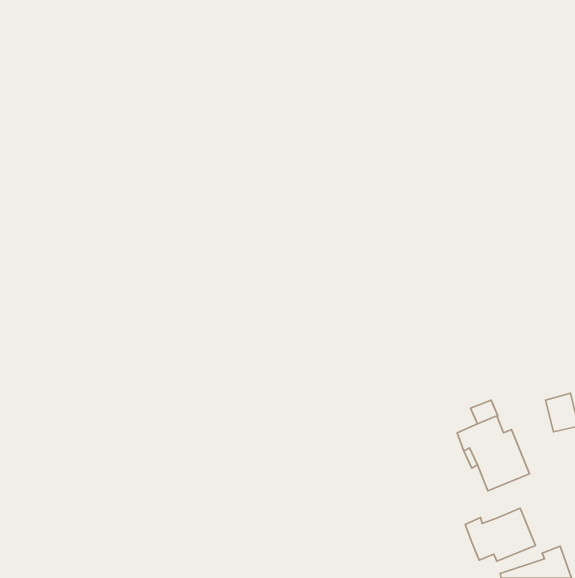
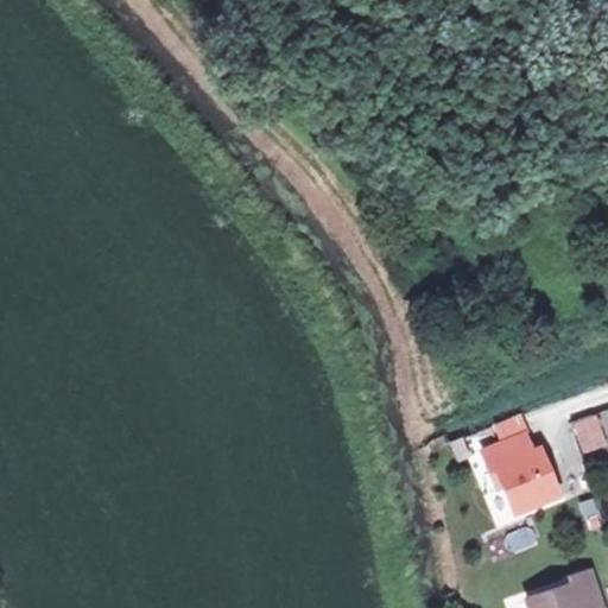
building: [465,508,535,561] -> none

